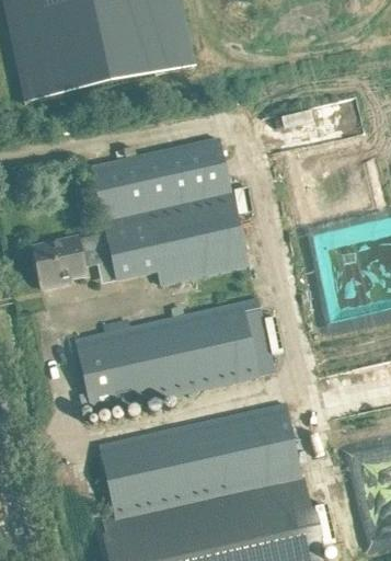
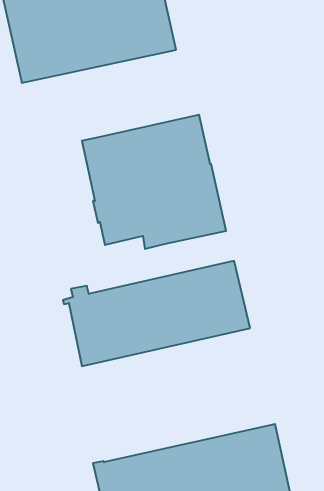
building: [33,232,108,284] -> none
building: [94,402,302,518] -> none

